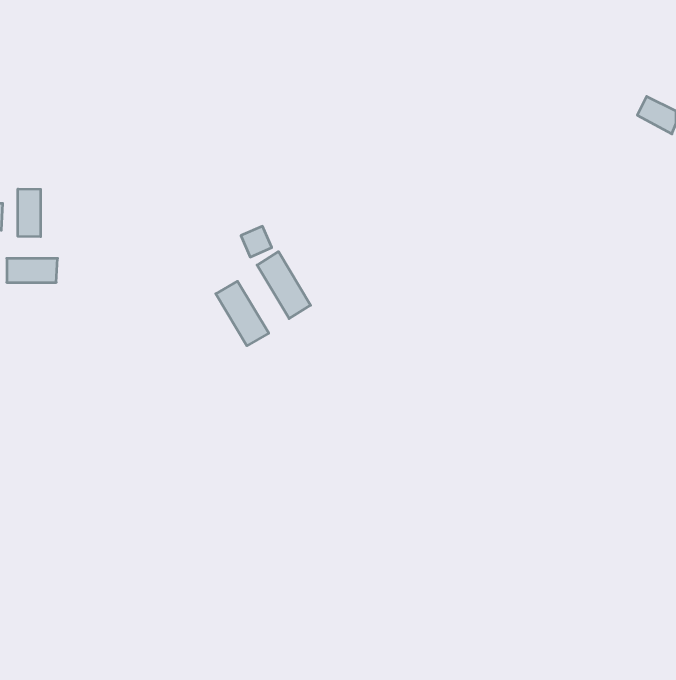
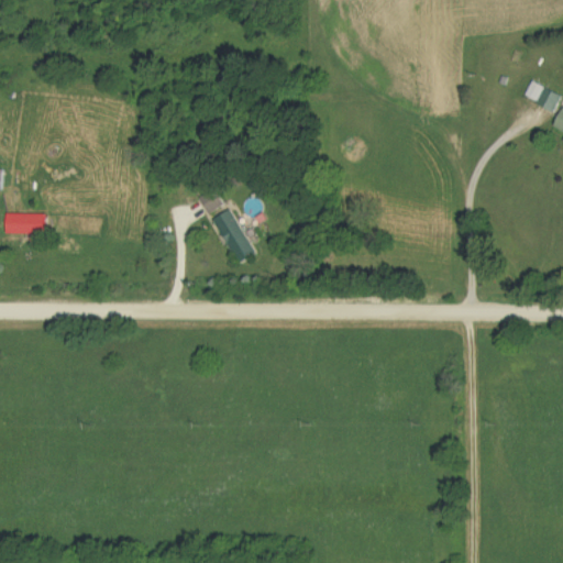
building: [18,189,41,237] -> none
building: [216,281,269,346] -> none

